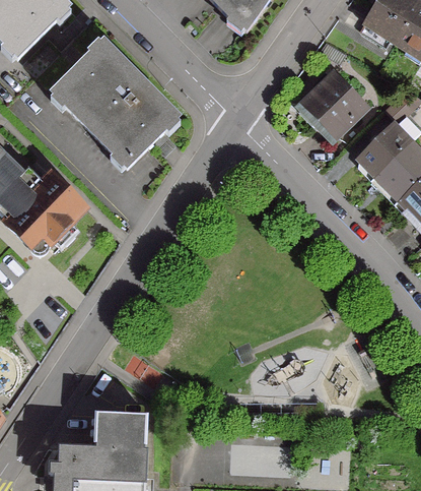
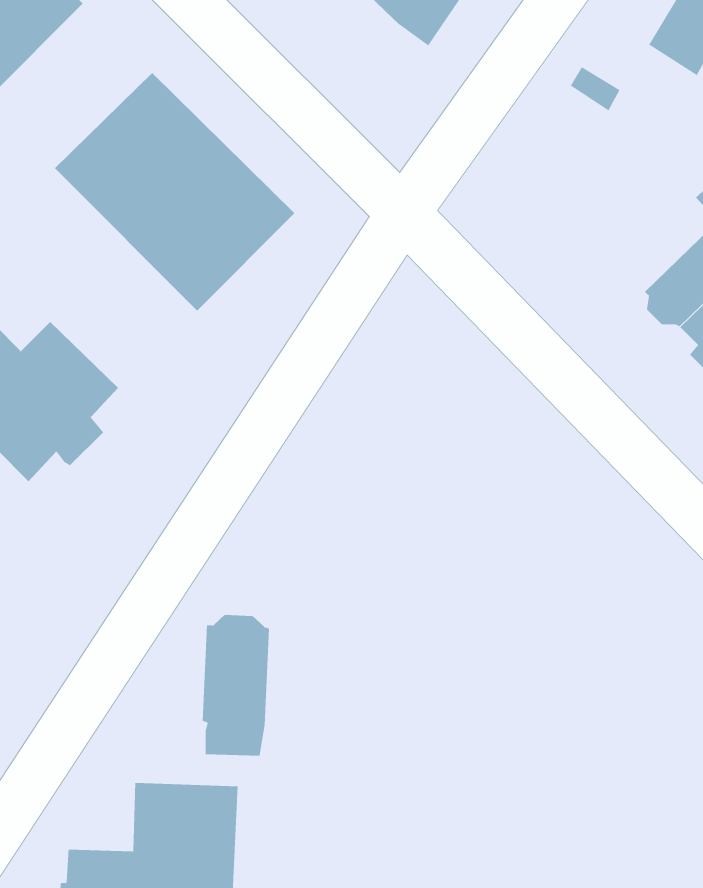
building: [297,71,364,139] -> none
building: none -> [202,614,270,756]

